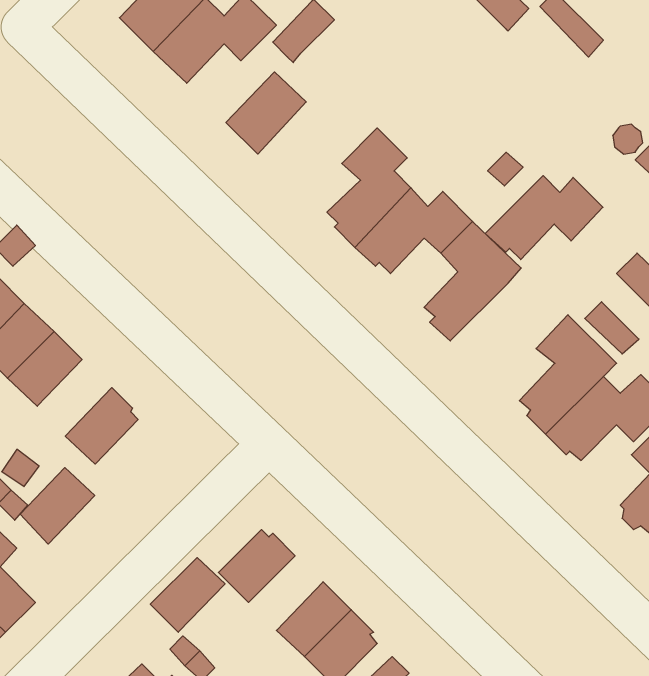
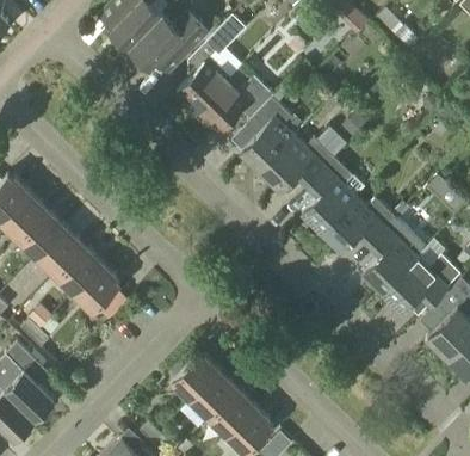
building: none -> [196,76,273,133]
building: [485,176,603,260] -> [319,196,394,249]
building: [20,468,95,544] -> [55,245,103,294]
building: [150,558,225,632] -> [190,370,237,418]

